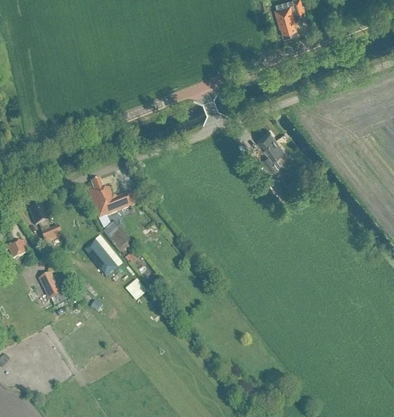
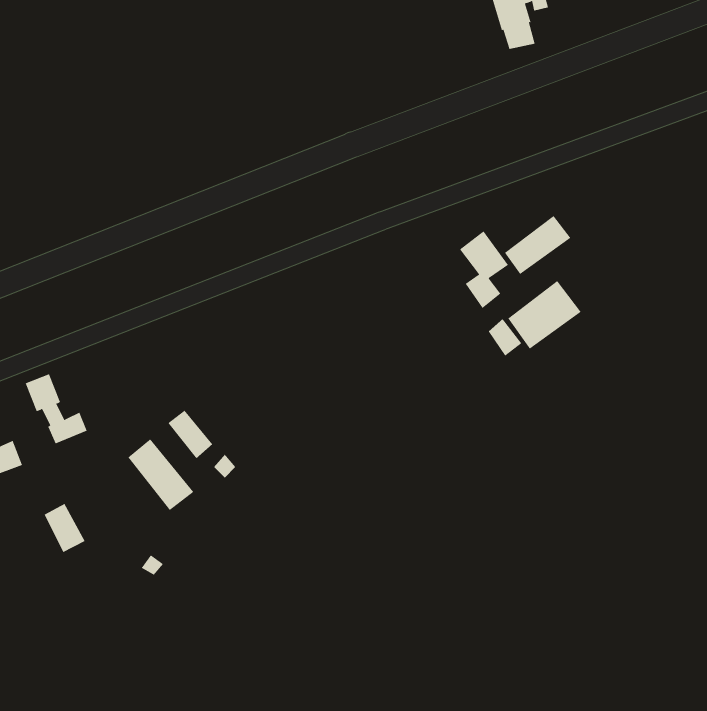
building: none -> [504,215,571,275]
building: none -> [508,280,581,349]
building: [87,177,136,216] -> none

